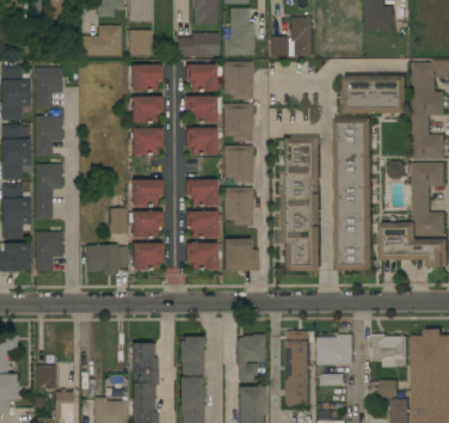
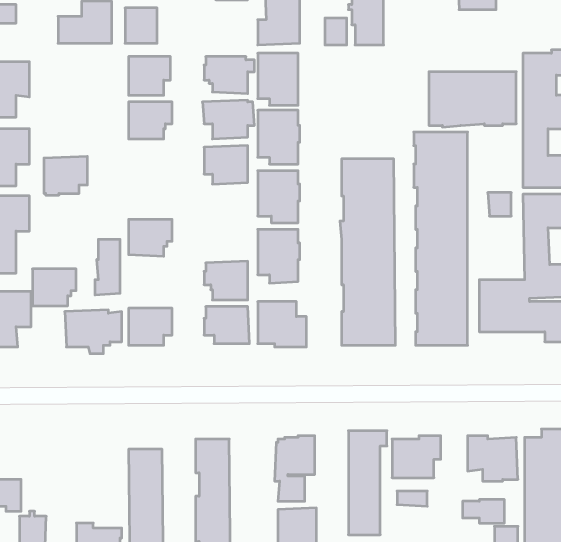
building: [177,32,219,56] -> none
building: [131,128,162,155] -> [44,156,87,195]
building: [185,179,216,206] -> none
building: [131,212,162,238] -> [32,269,76,306]

